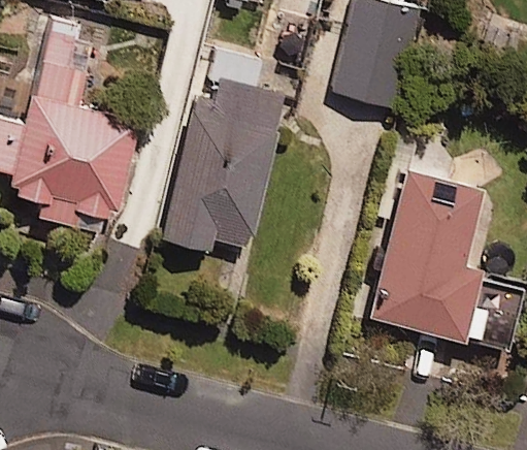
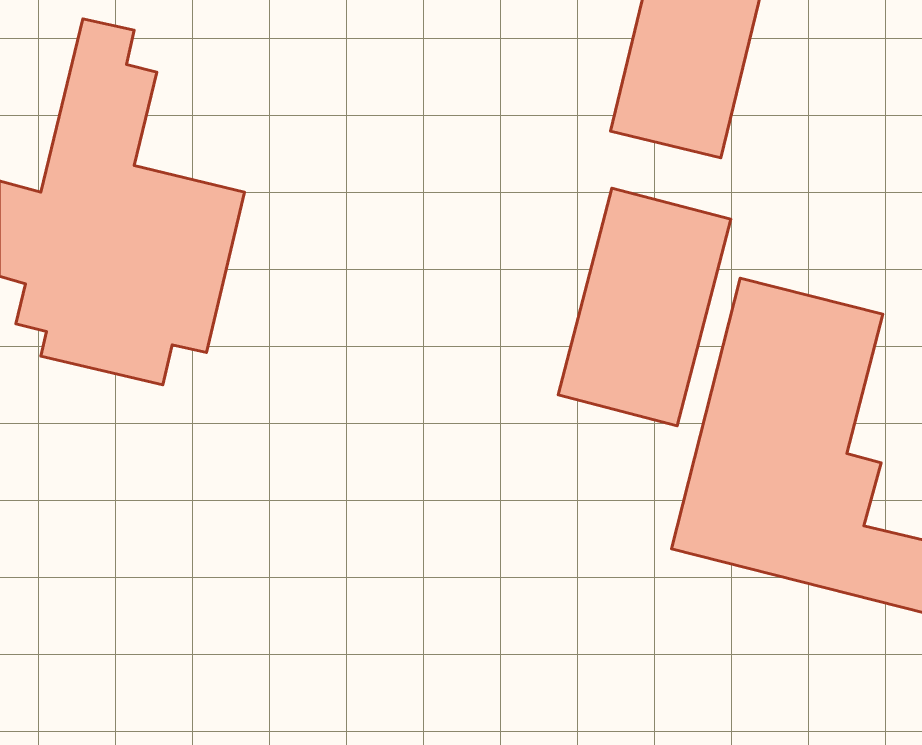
building: [162,46,288,253] -> none
building: none -> [558,188,731,426]

